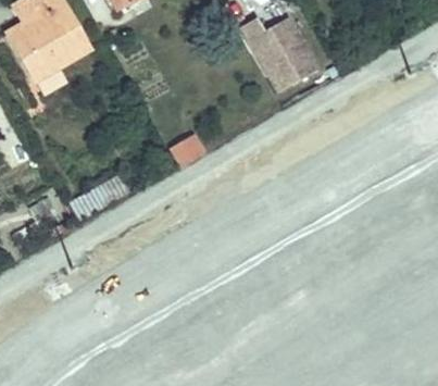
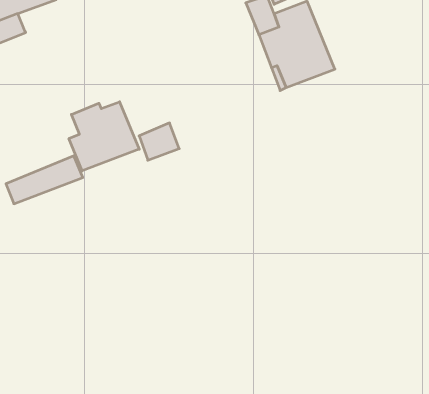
building: none -> [69,102,139,171]

